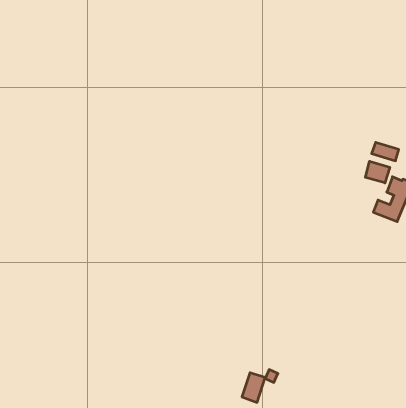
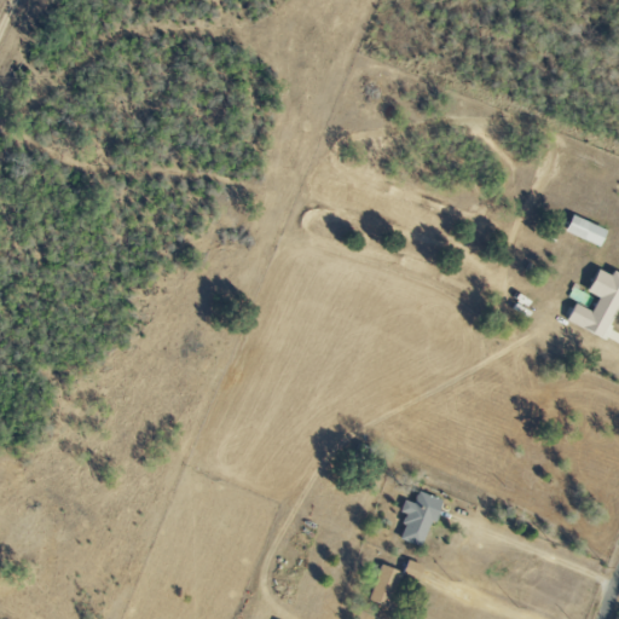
building: [365,161,390,183] -> none
building: none -> [400,490,442,545]

